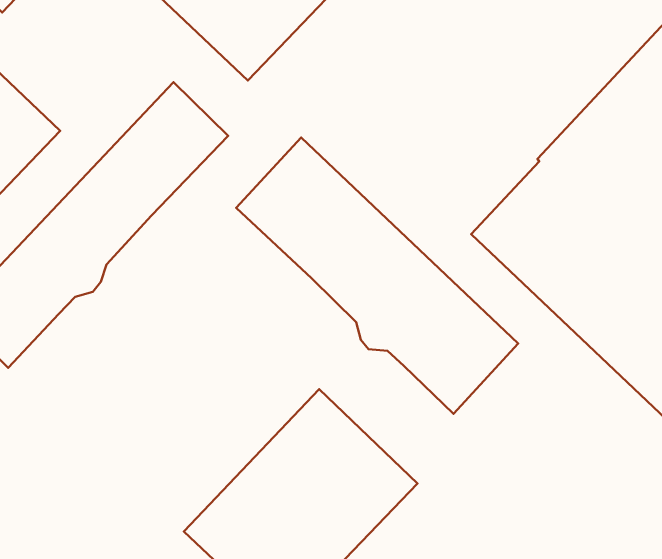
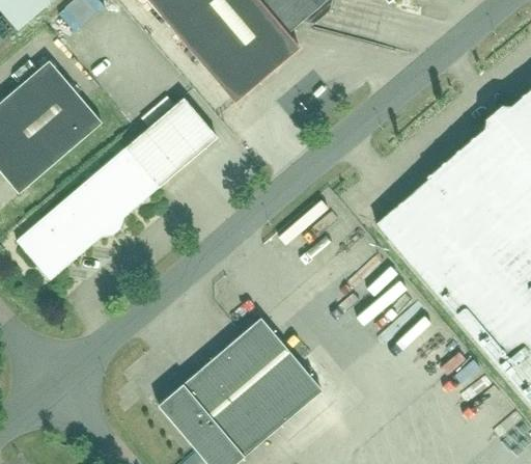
building: [236,138,518,414] -> none

